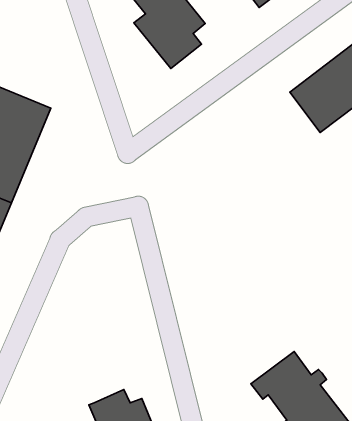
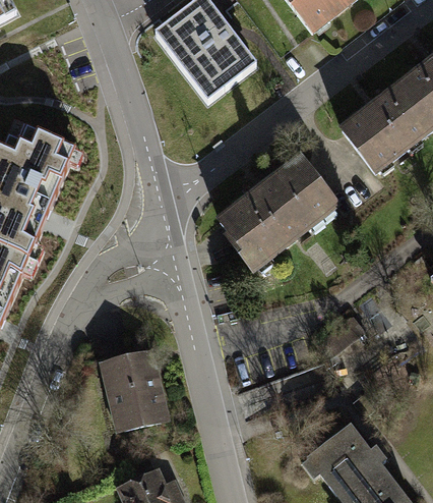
building: none -> [219,158,336,269]
building: none -> [103,347,166,427]

